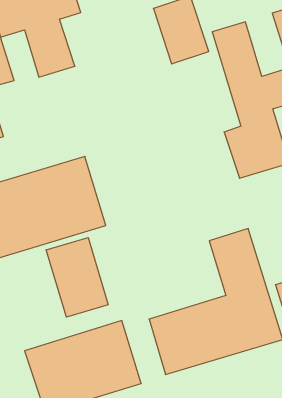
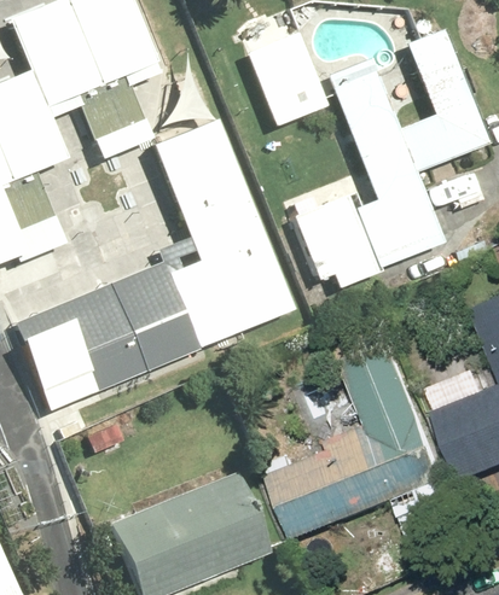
building: none -> [151,113,296,337]
building: none -> [291,188,381,285]
building: [46,238,108,317] -> none

